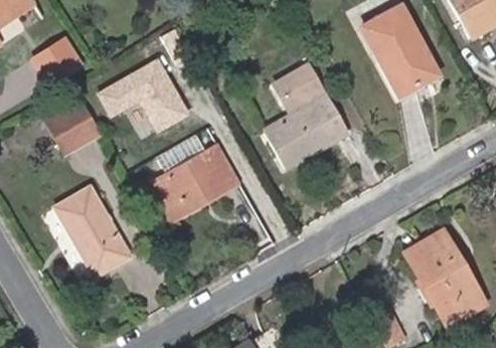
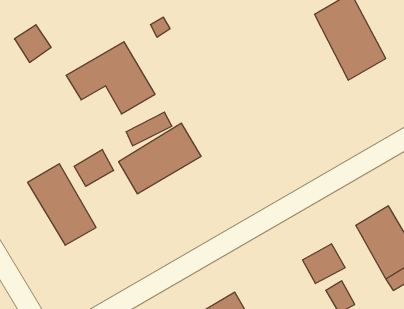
building: [264,65,347,169] -> none
building: [48,100,100,151] -> none
building: none -> [74,149,114,186]
building: none -> [303,244,345,284]

